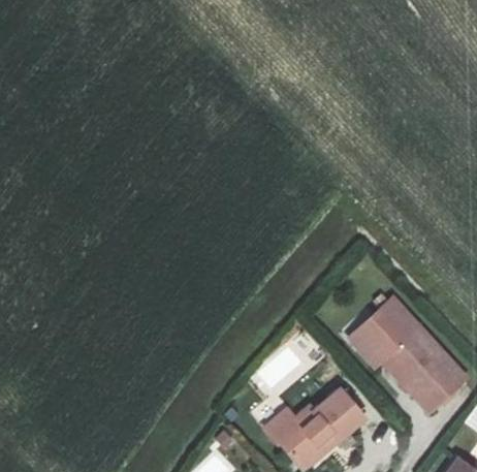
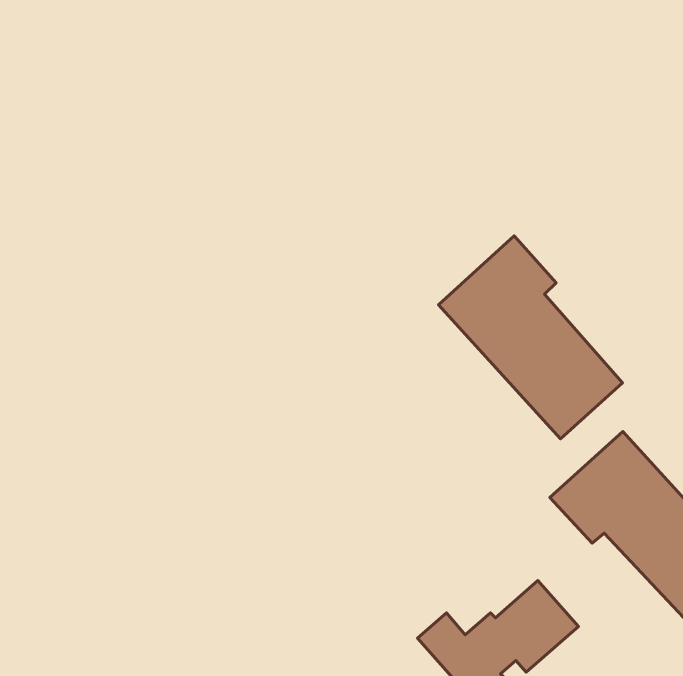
building: none -> [439,236,622,439]

